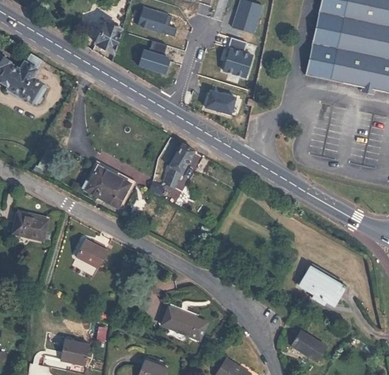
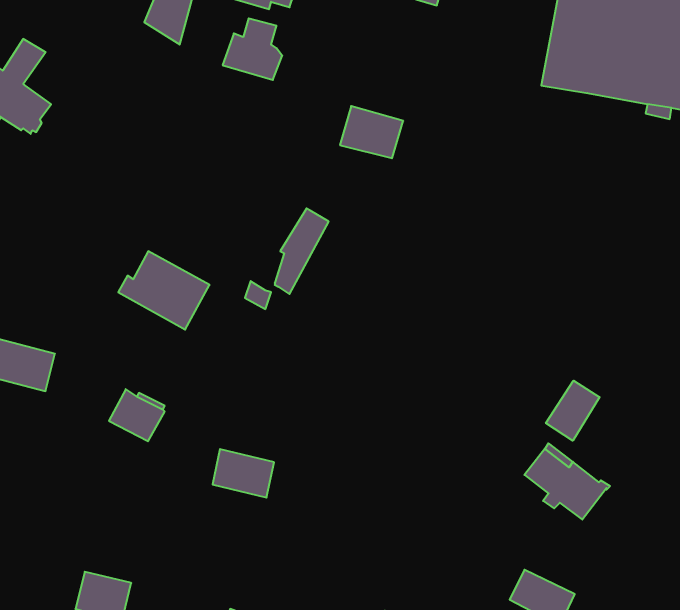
building: [220,37,254,77] -> none
building: none -> [546,381,600,441]
building: [165,304,198,330] -> [213,449,274,498]

